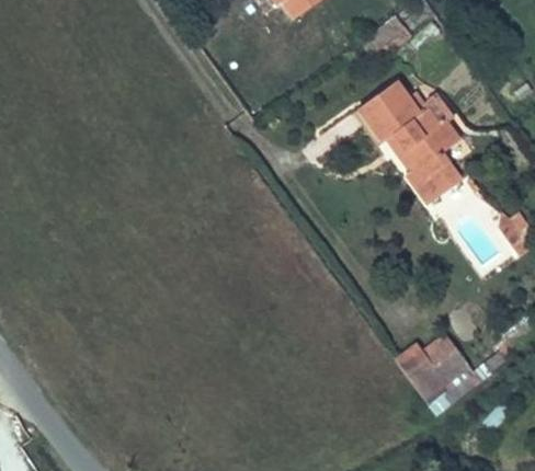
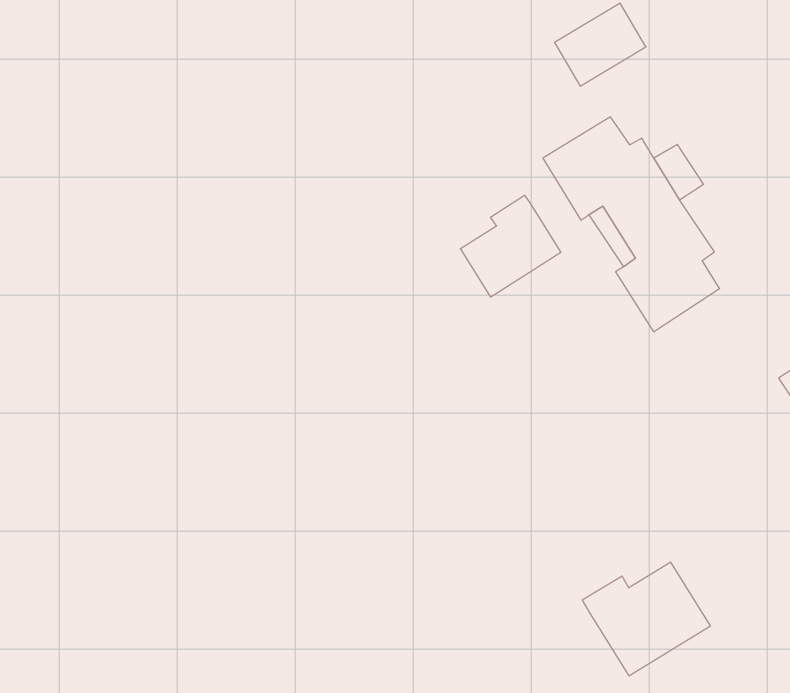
building: none -> [460,195,561,297]

